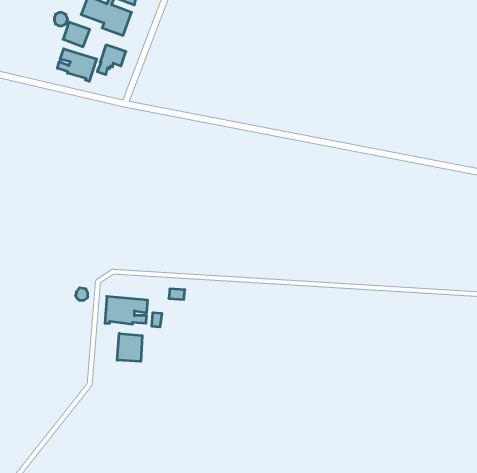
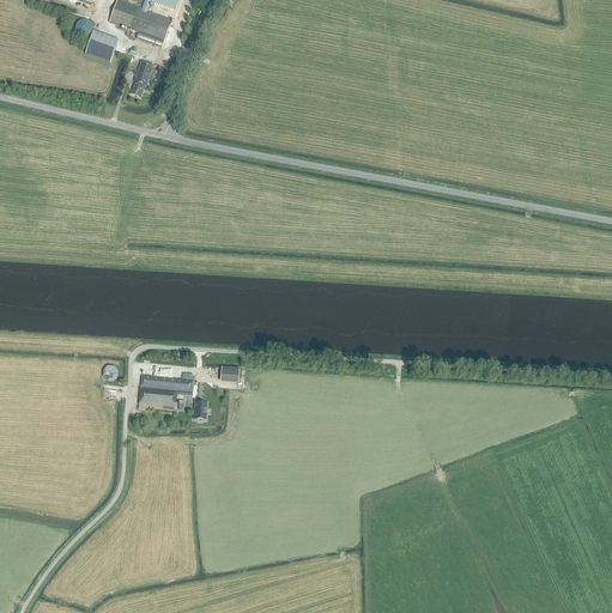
building: [57,49,97,81] -> none
building: [117,333,142,361] -> none

